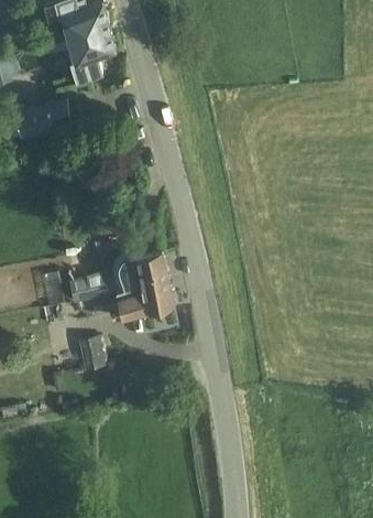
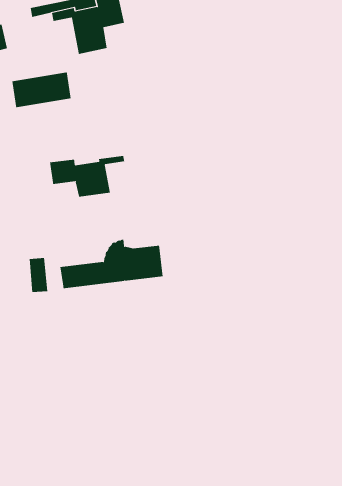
building: none -> [49,155,125,198]
building: [112,283,175,321] -> none
building: [80,338,108,371] -> none

